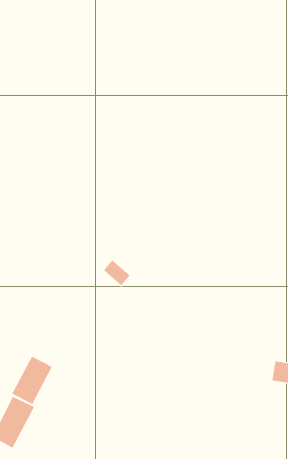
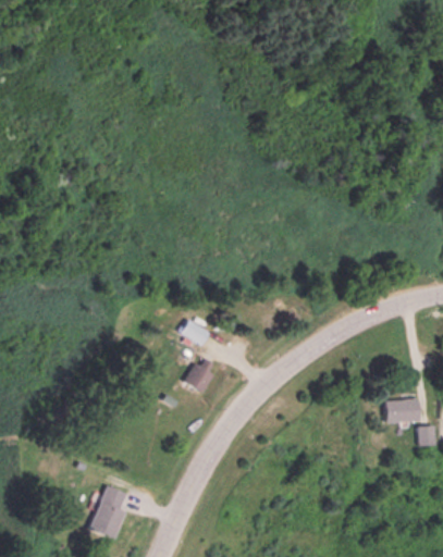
building: none -> [185,355,218,393]
building: [12,356,52,405] -> none

